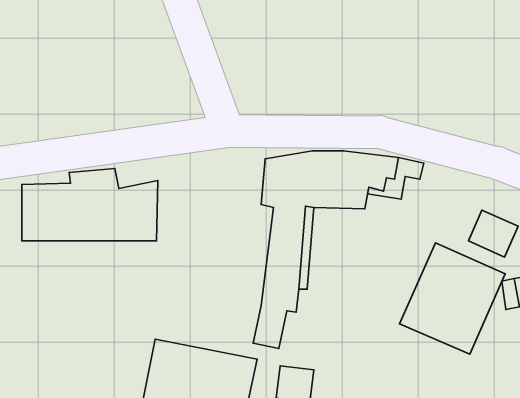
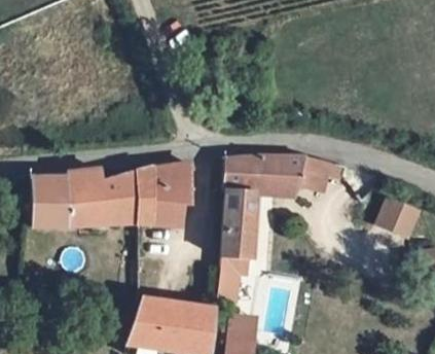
building: none -> [139,165,189,221]
building: [399,243,505,354] -> none

